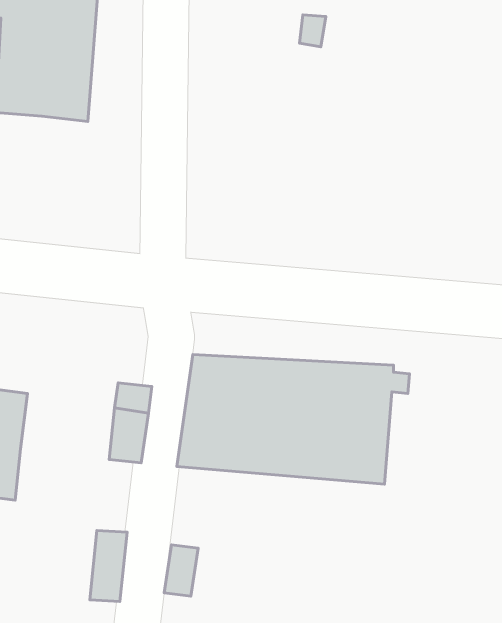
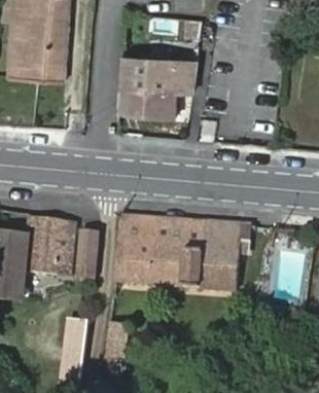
building: none -> [118,59,197,119]
building: none -> [24,217,75,275]

